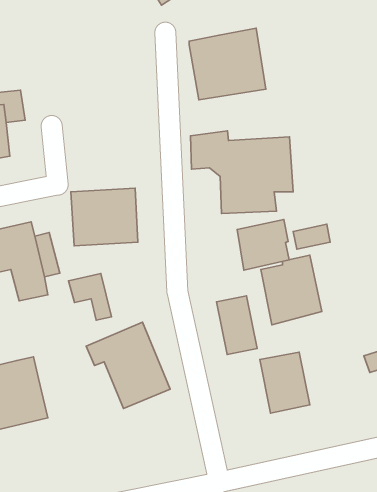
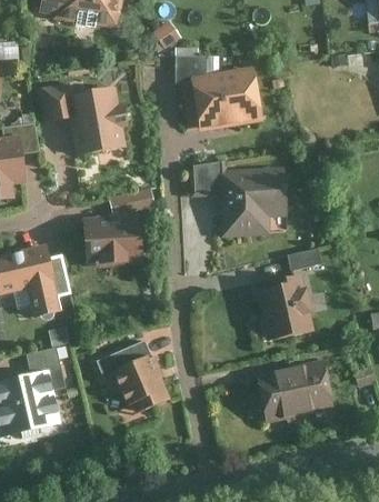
building: none -> [174,53,218,83]
building: none -> [38,82,126,157]
building: none -> [109,187,154,213]
building: [237,219,289,270] -> none
building: [69,274,112,320] -> [24,347,64,390]
building: [216,296,257,354] -> [292,360,330,414]

